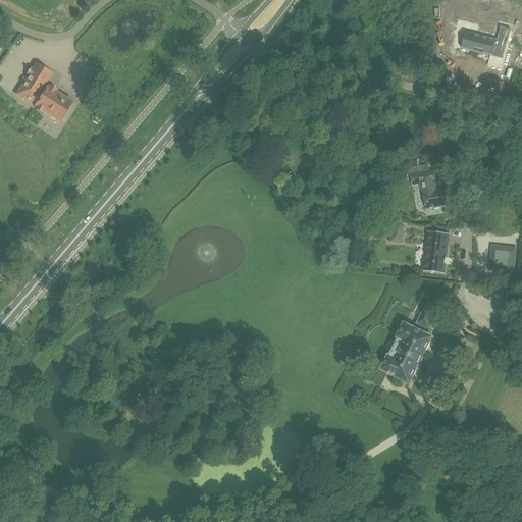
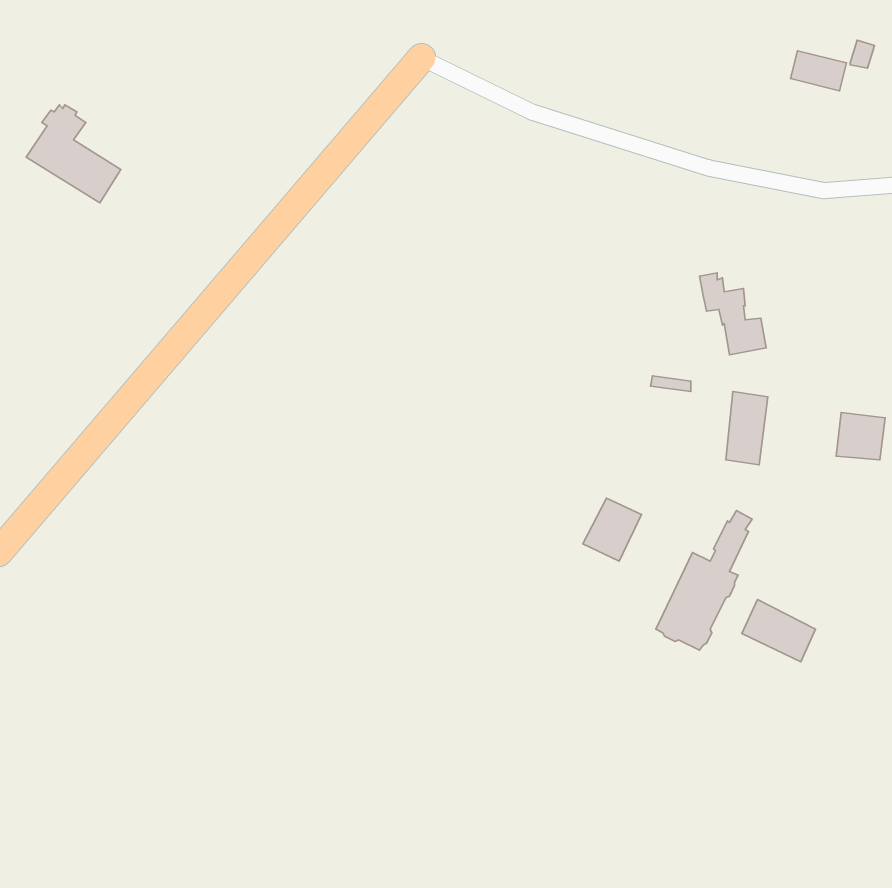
building: none -> [583,498,641,561]
building: none -> [742,600,815,662]

